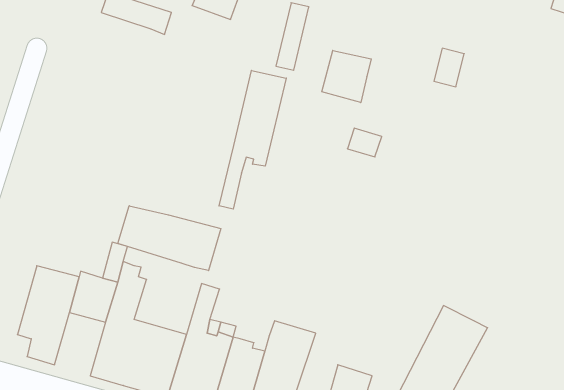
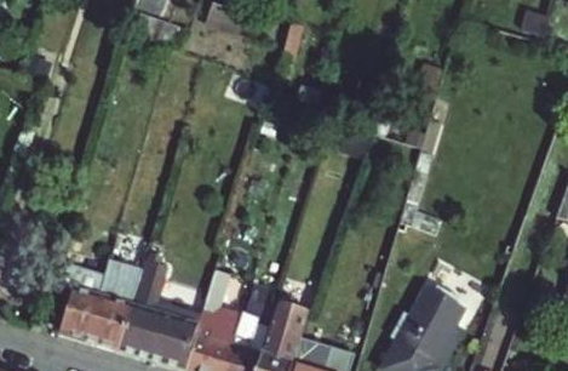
building: [322,50,371,103] -> none
building: [219,70,286,209] -> none
building: [118,206,221,271] -> none
building: none -> [84,295,128,350]

